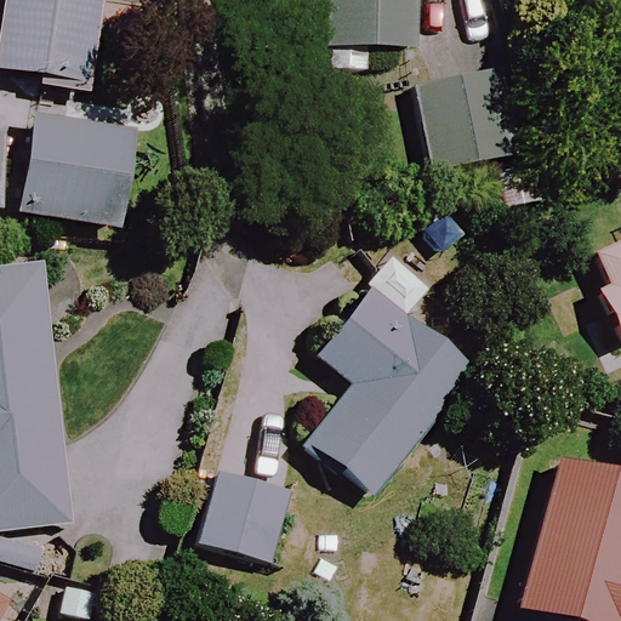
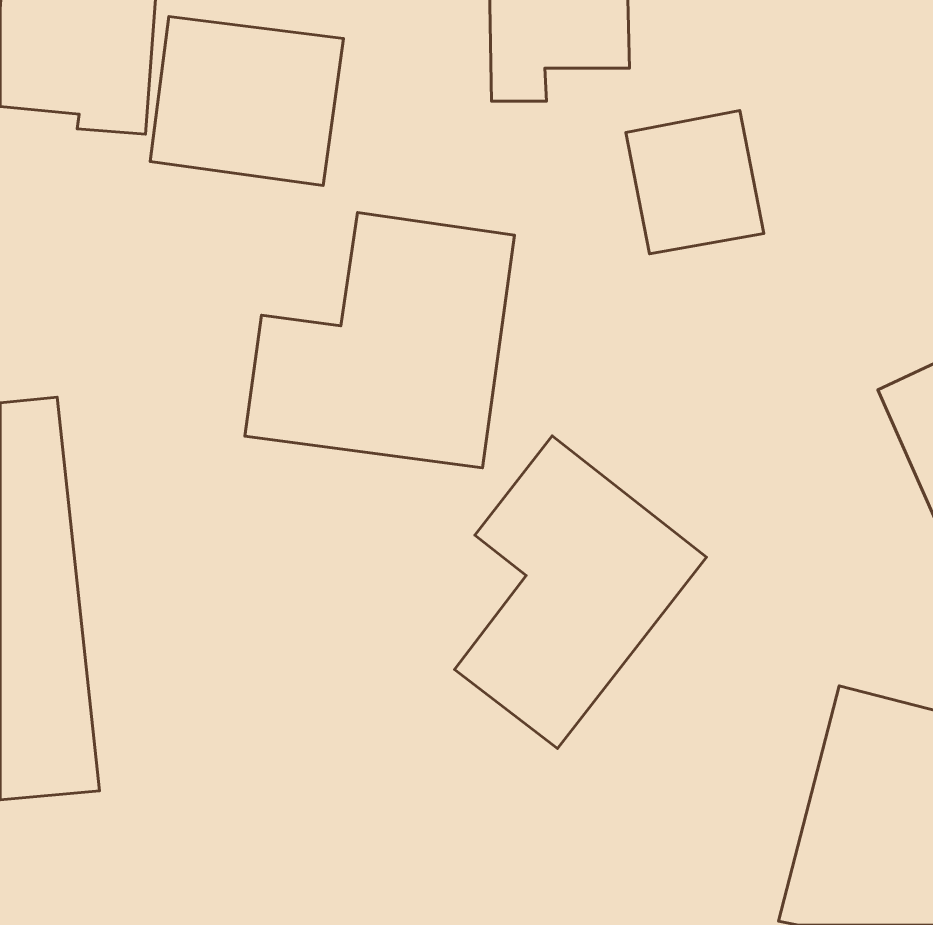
building: [21,115,148,227] -> [150,16,344,186]
building: none -> [245,213,515,468]
building: [198,473,284,560] -> none

